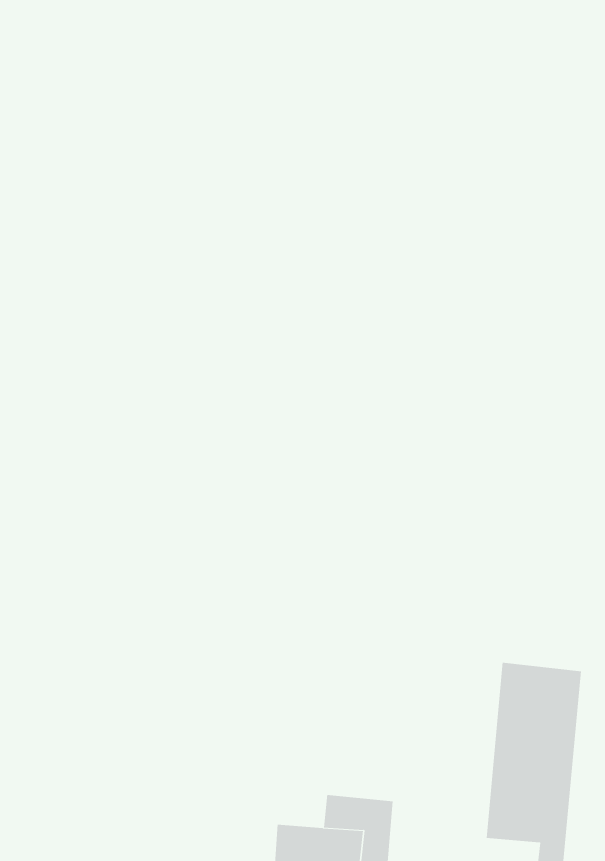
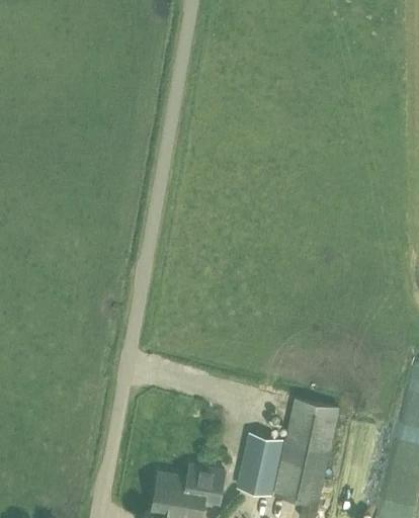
building: none -> [239,436,281,496]

